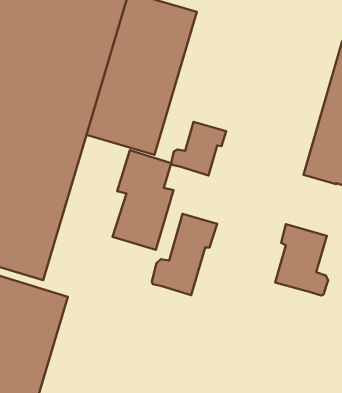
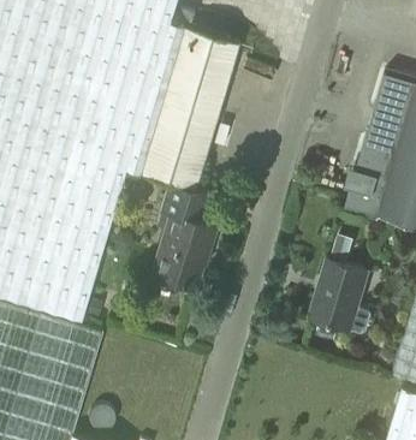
building: [171,122,226,176] -> none
building: [152,214,217,295] -> none

